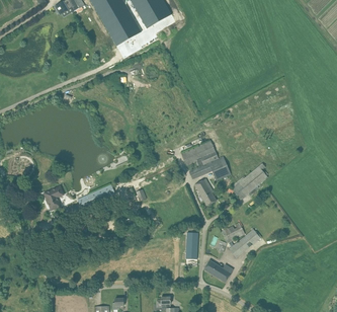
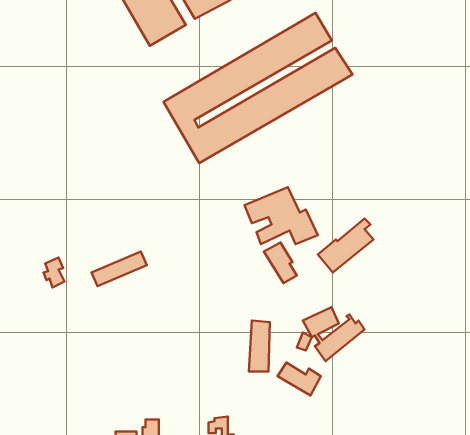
building: none -> [163,13,352,163]

